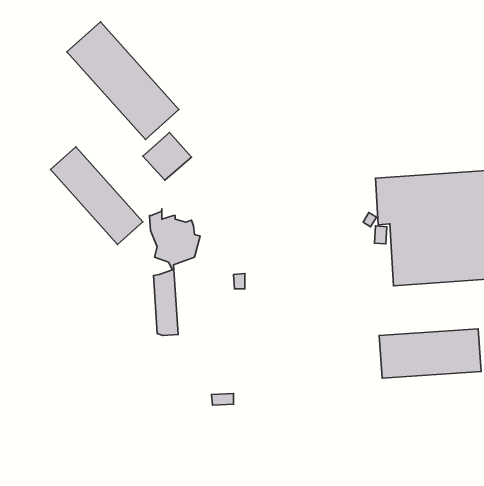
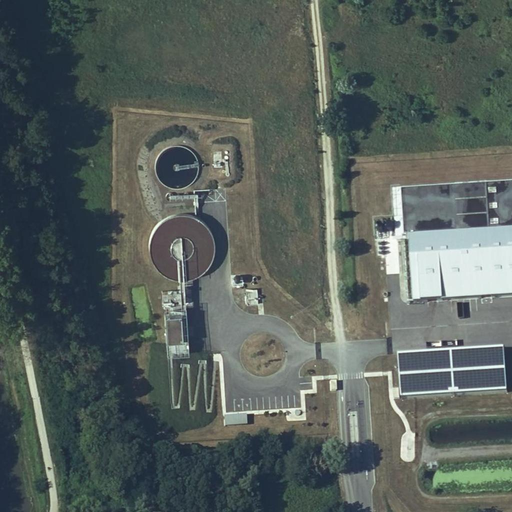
building: [67,22,179,140] -> none
building: [51,147,143,244] -> none

